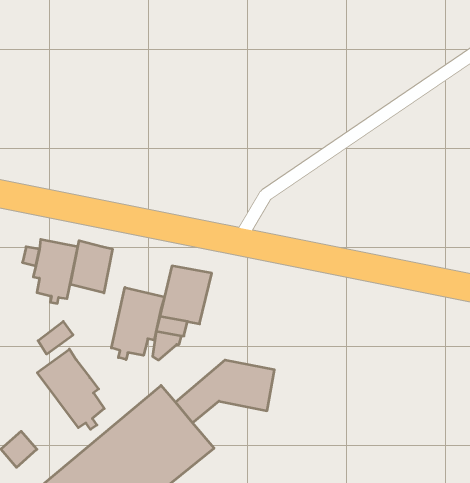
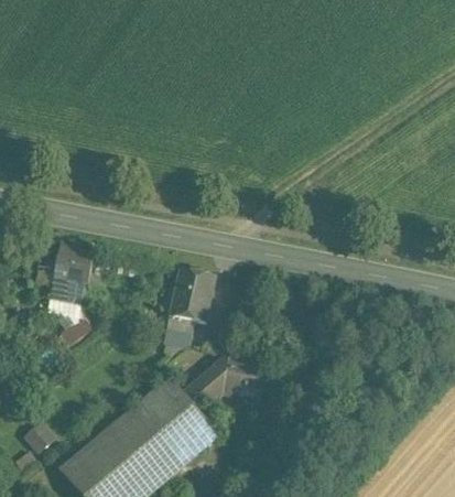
building: [71,241,112,293] -> none
building: [111,287,165,360] -> none
building: [37,349,104,429] -> none

